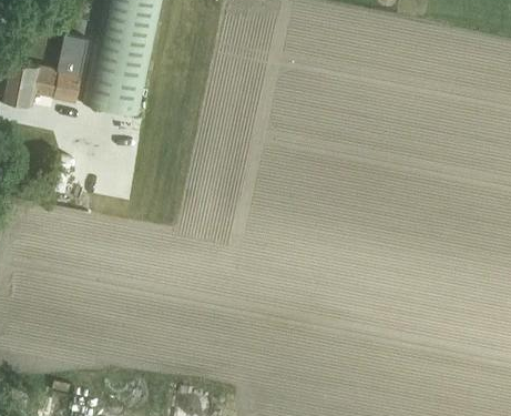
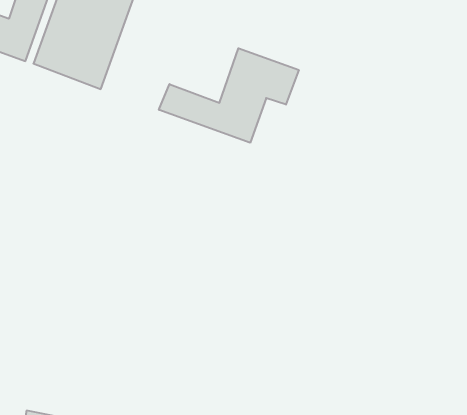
building: none -> [159,48,299,143]

